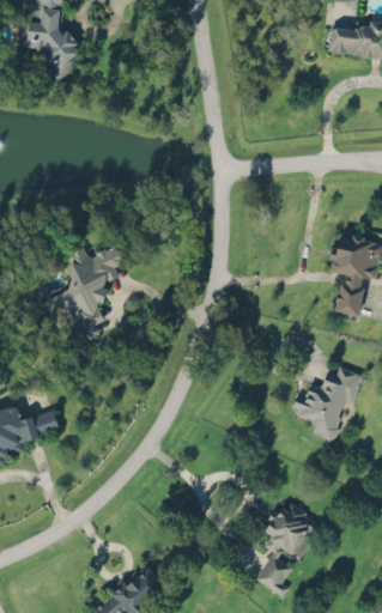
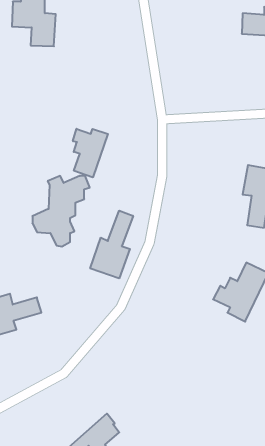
building: none -> [73,129,108,177]
building: none -> [90,211,133,278]
building: [255,502,320,597] -> none

